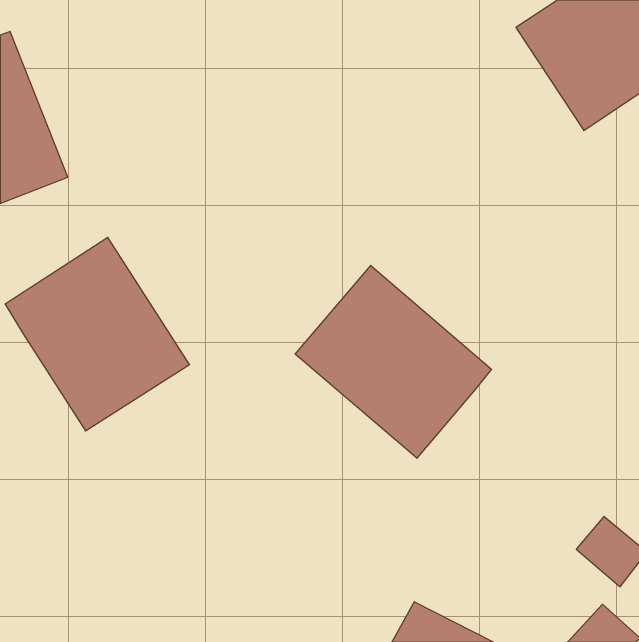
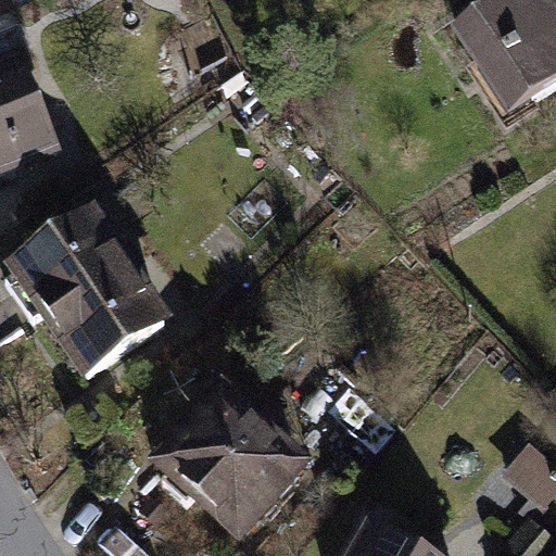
building: [295,265,491,458] -> none
building: none -> [153,377,316,540]

